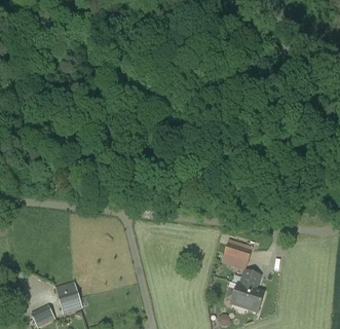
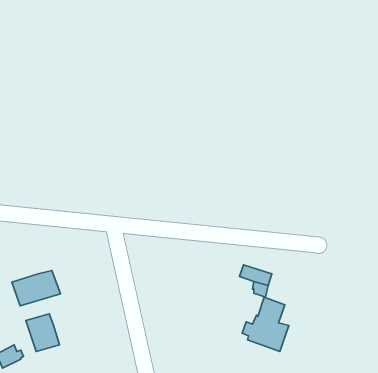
building: none -> [12,270,60,306]

